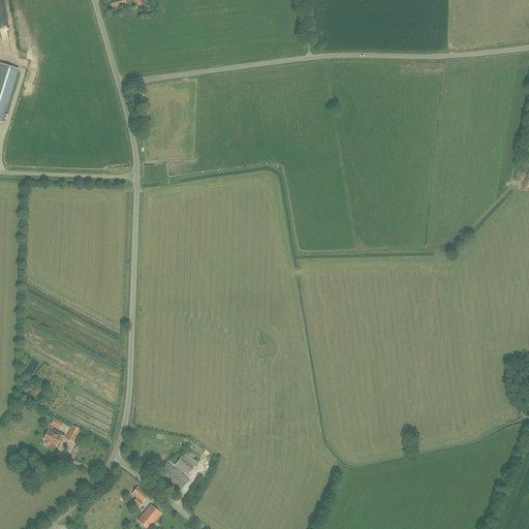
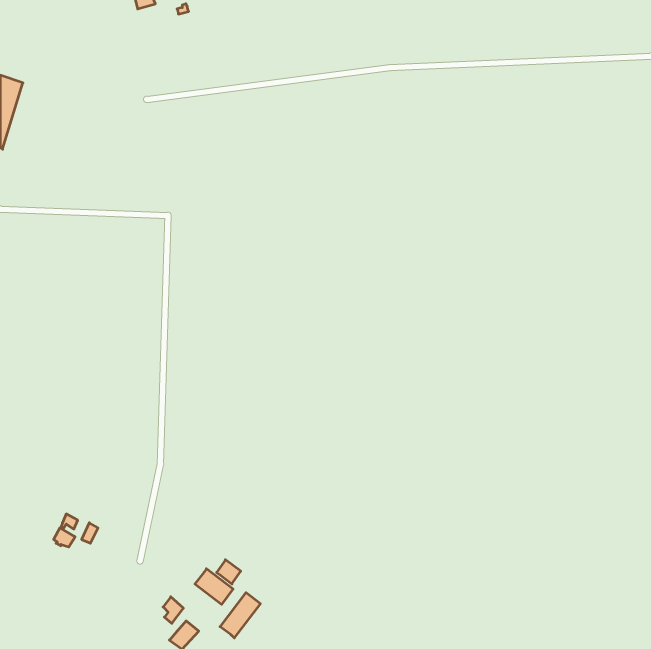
building: none -> [220,593,260,638]

